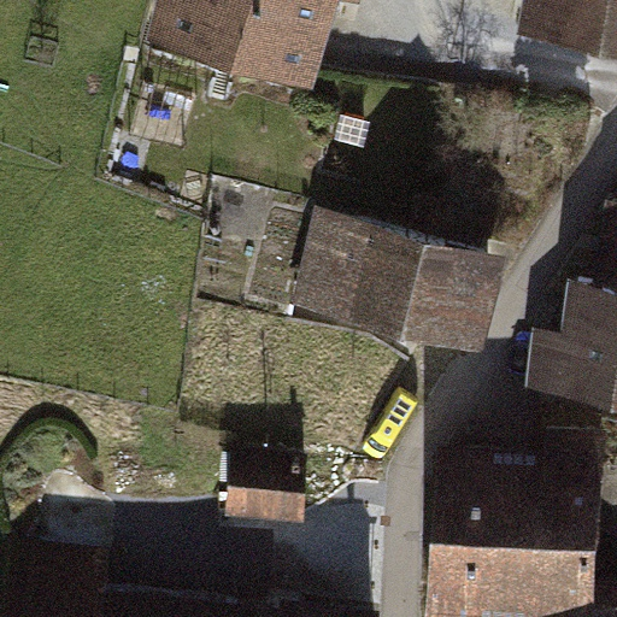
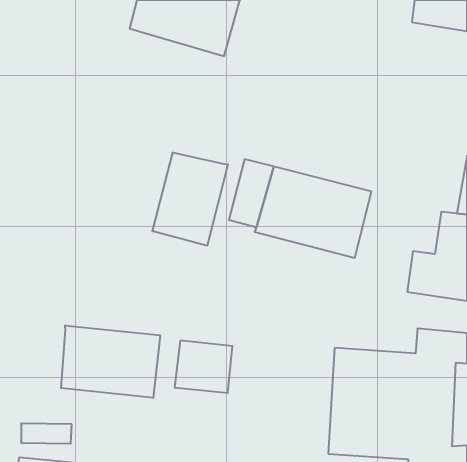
building: none -> [152,152,228,246]
building: none -> [61,325,160,398]

